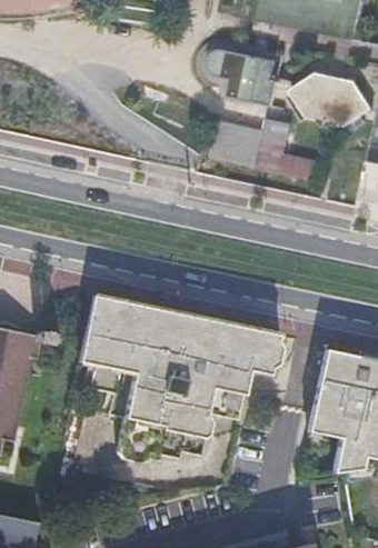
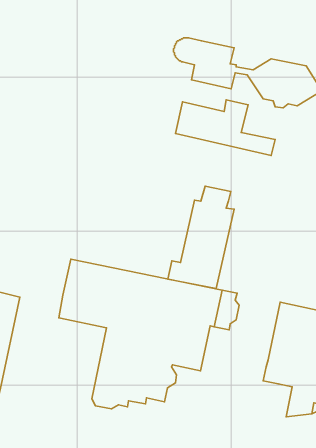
building: none -> [168,186,234,288]

